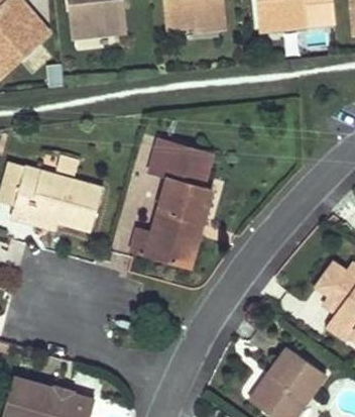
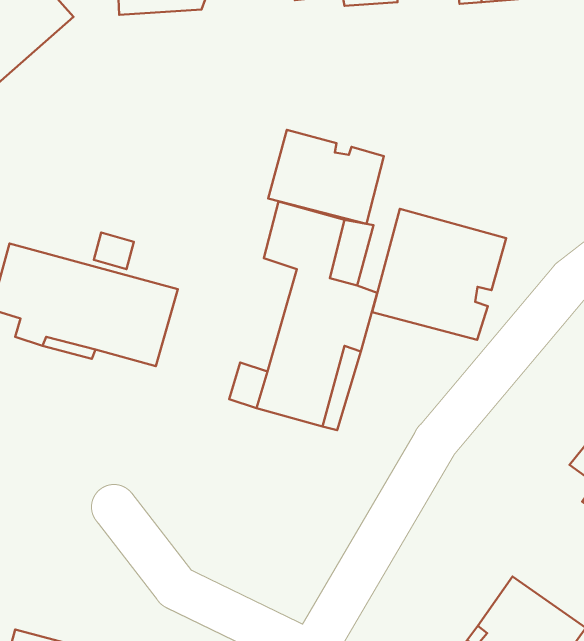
building: none -> [268,130,384,224]
building: none -> [372,209,506,340]

